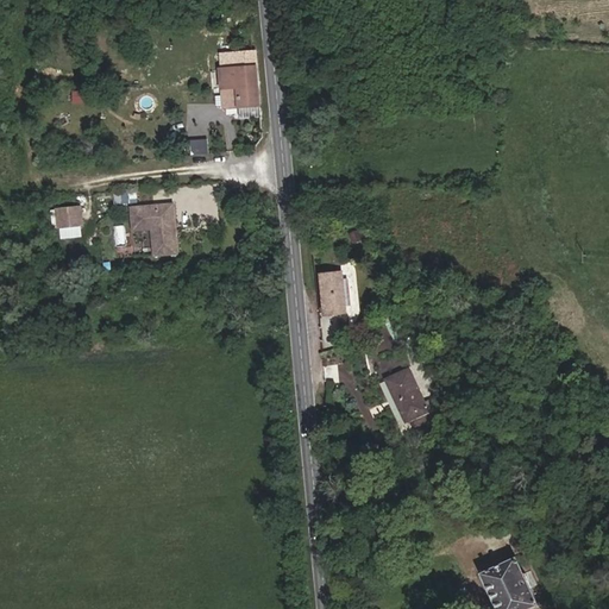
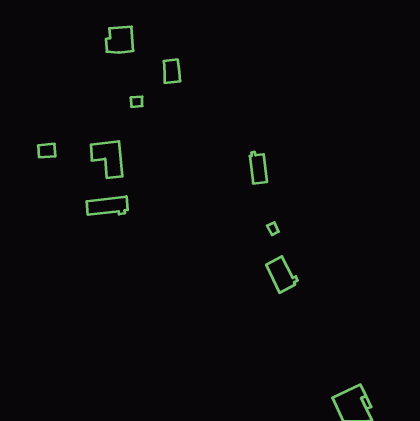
building: [216,51,256,88] -> [106,27,133,52]
building: [316,269,341,314] -> [250,152,267,183]
building: none -> [87,196,128,215]

